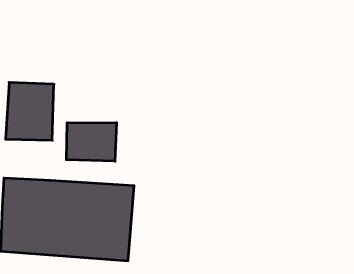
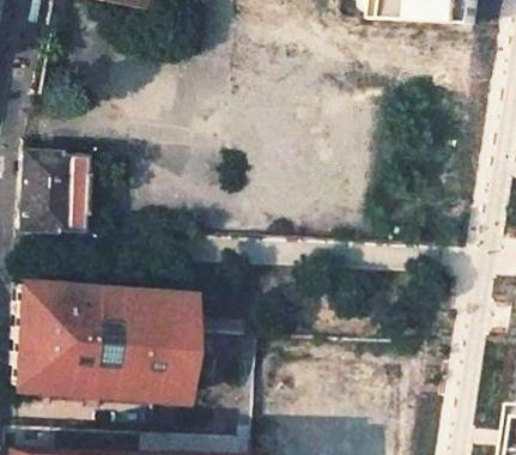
building: [66,123,117,161] -> none

